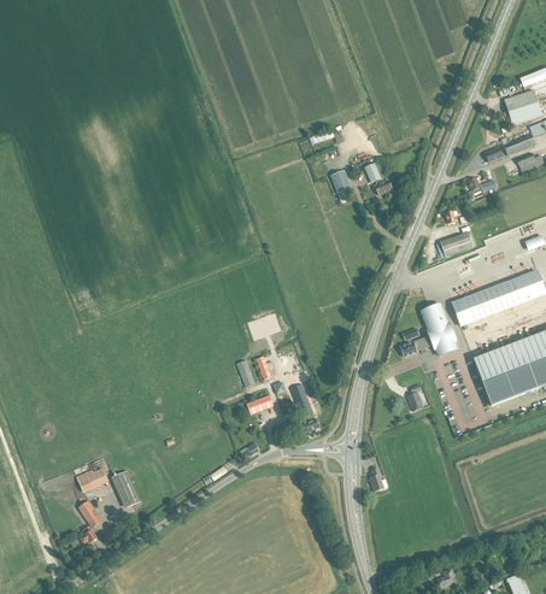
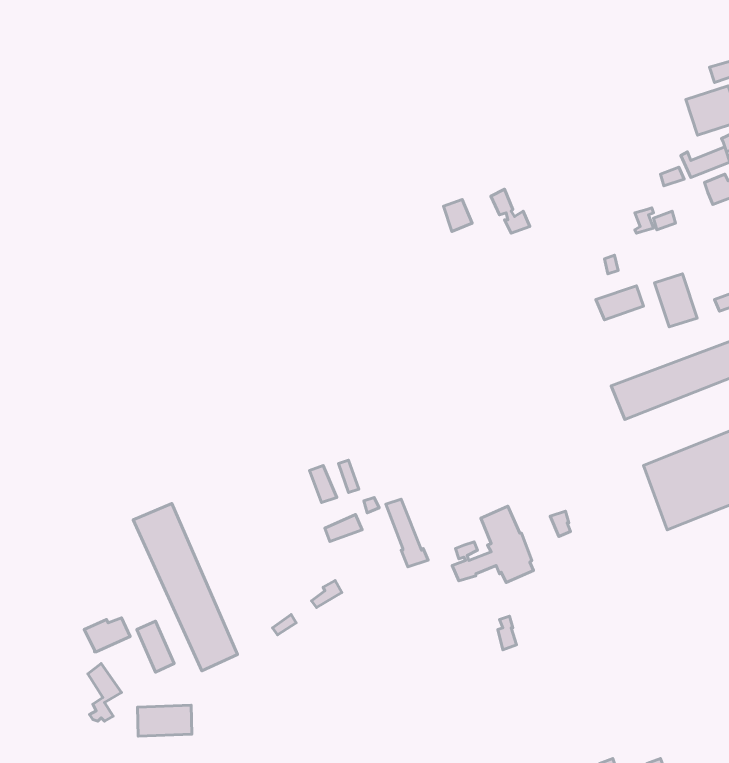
building: none -> [655,274,697,327]
building: [400,302,458,357] -> [452,506,533,582]
building: none -> [133,504,238,671]
building: none -> [137,705,192,736]

